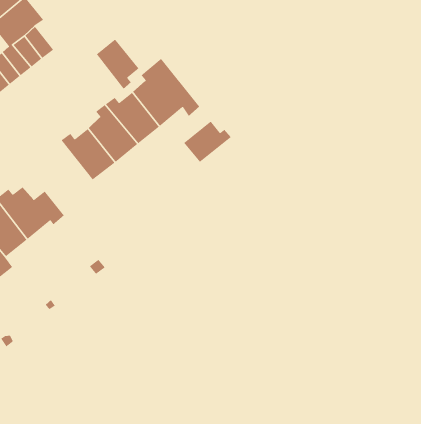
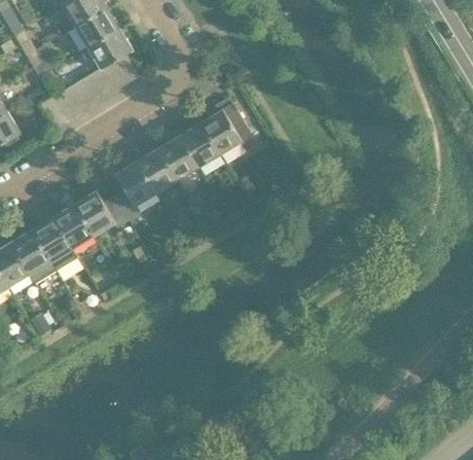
building: [96,38,140,90] -> none
building: [183,120,232,163] -> none
building: none -> [114,156,156,221]

